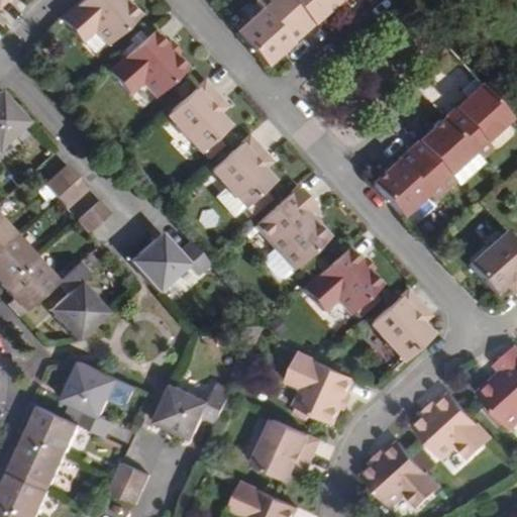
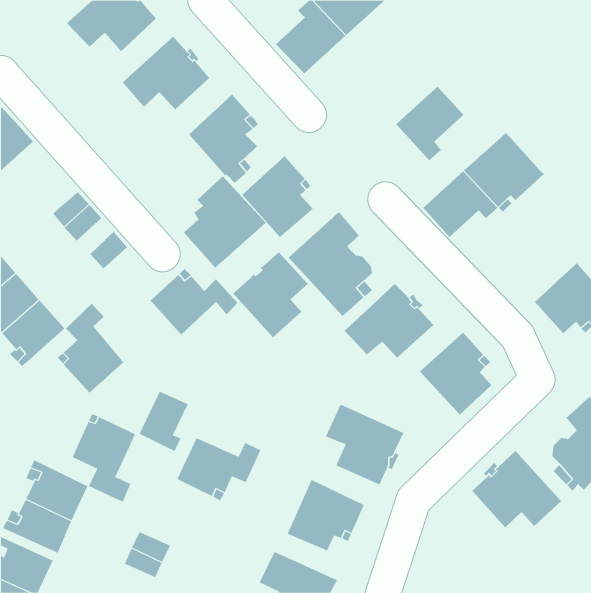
building: [442,82,502,147] -> [396,86,464,161]
building: none -> [183,176,266,269]
building: none -> [232,251,308,338]
building: none -> [139,391,188,452]
building: [361,440,440,507] -> none

